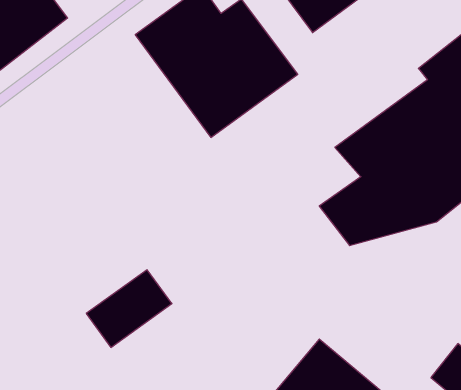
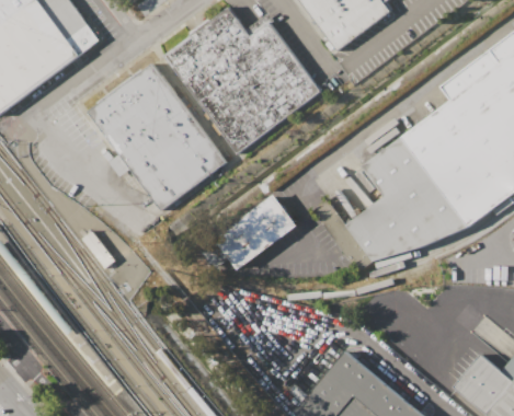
building: none -> [87,60,226,209]
building: [86,270,172,347] -> [214,193,297,268]

